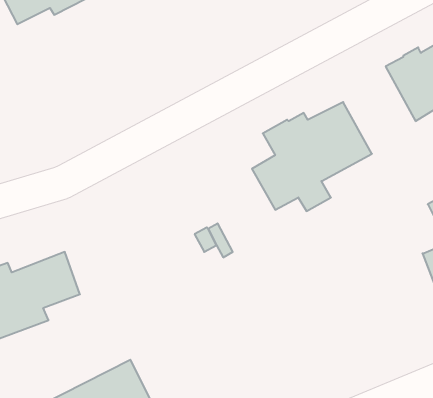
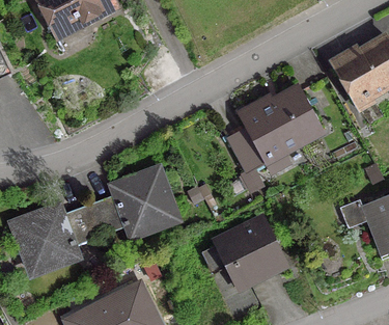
building: none -> [88,170,175,237]
building: none -> [202,222,282,282]

